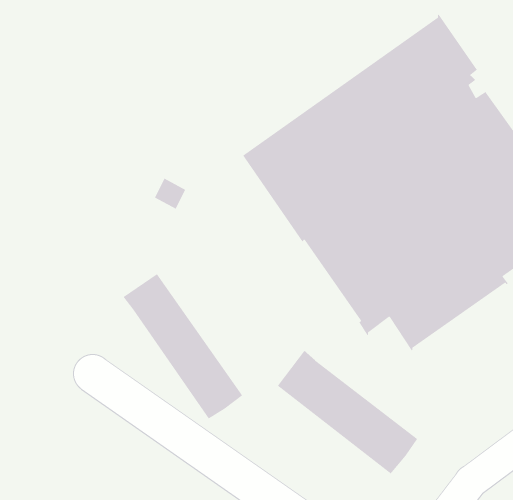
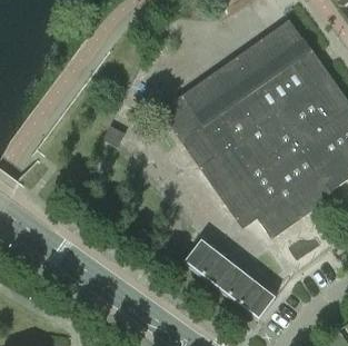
building: [123,273,243,419] -> none

